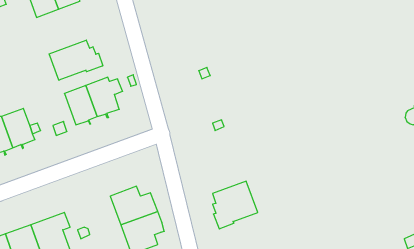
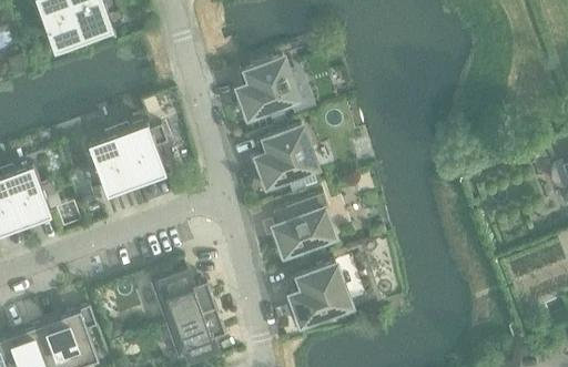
building: none -> [236,59,297,122]
building: [49,40,103,80] -> none
building: none -> [255,128,316,191]
building: none -> [273,194,334,261]

